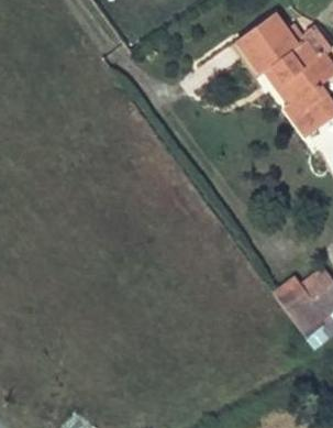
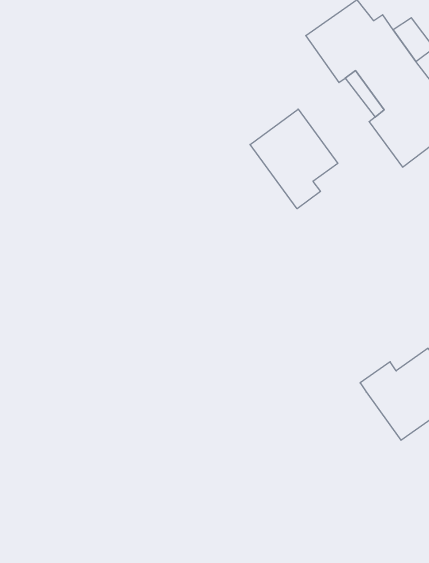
building: none -> [250,109,338,209]

